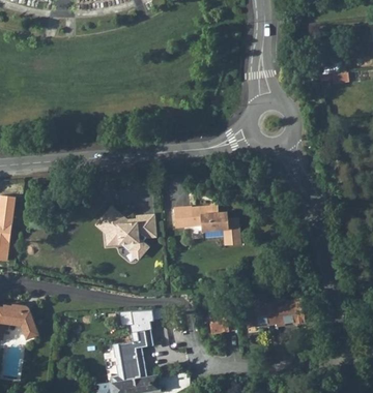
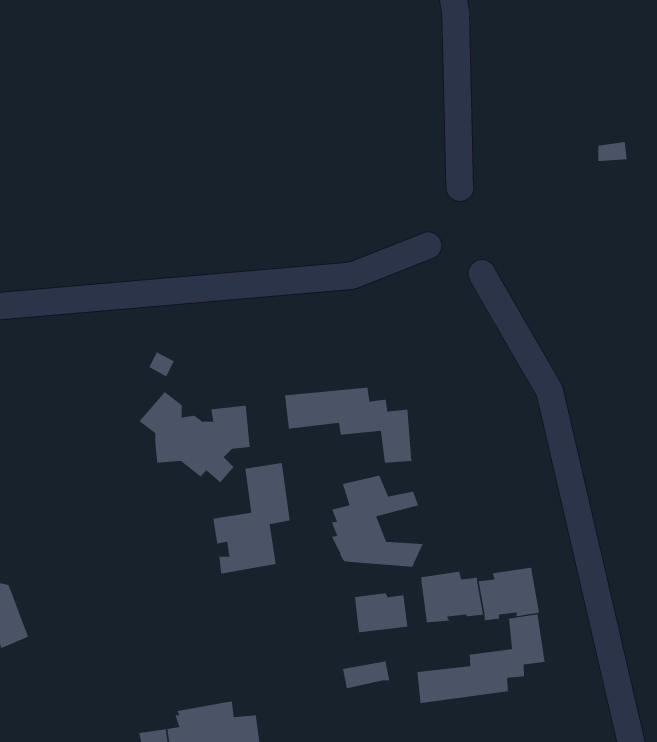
building: none -> [331,475,423,568]
building: [113,315,153,373] -> [213,462,290,574]
building: none -> [417,614,545,704]

